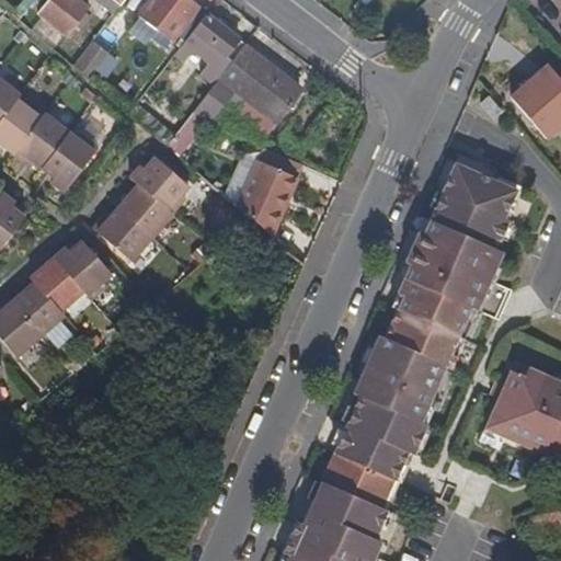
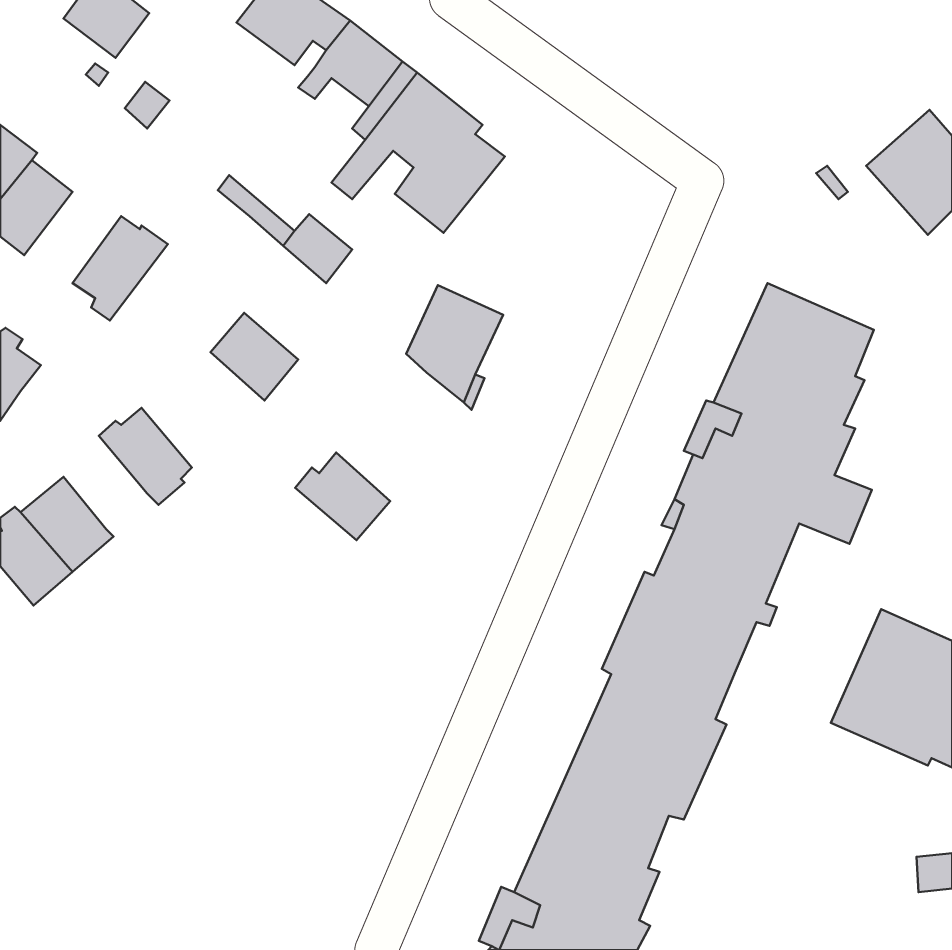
building: [14,108,71,167] -> none
building: [136,157,193,211] -> none
building: [100,207,156,259] -> [295,453,390,540]
building: [34,256,87,311] -> none

